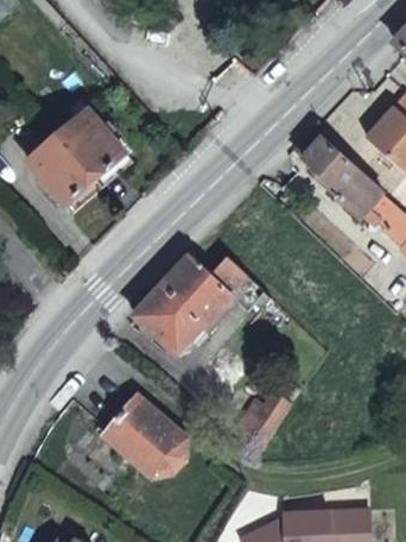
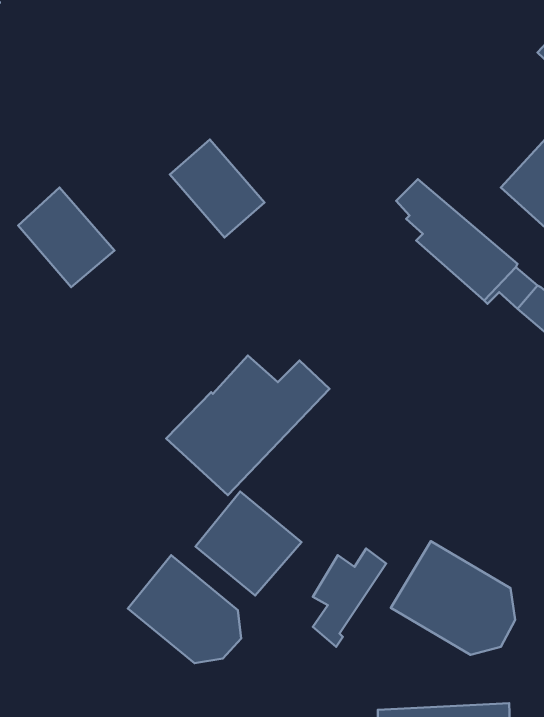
building: [55,111,122,181] -> [170,139,265,238]
building: none -> [196,492,301,596]
building: none -> [391,541,515,655]

